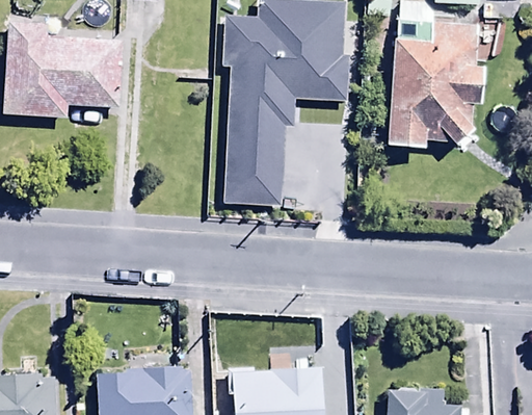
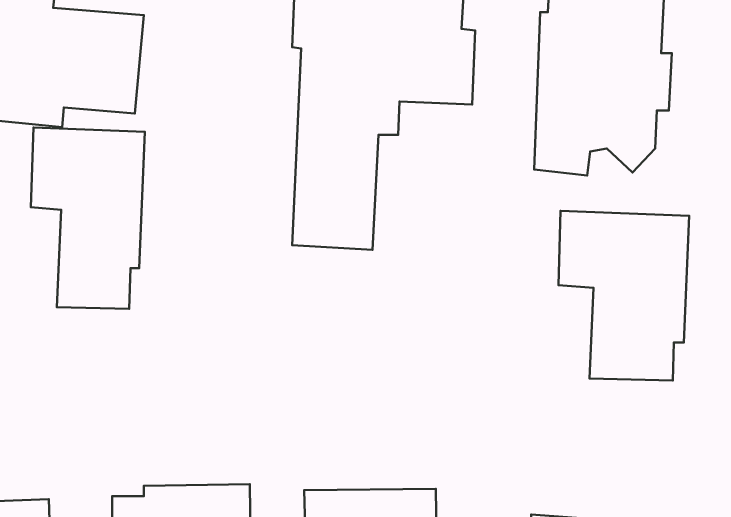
building: none -> [31,127,145,309]
building: none -> [558,211,689,380]

